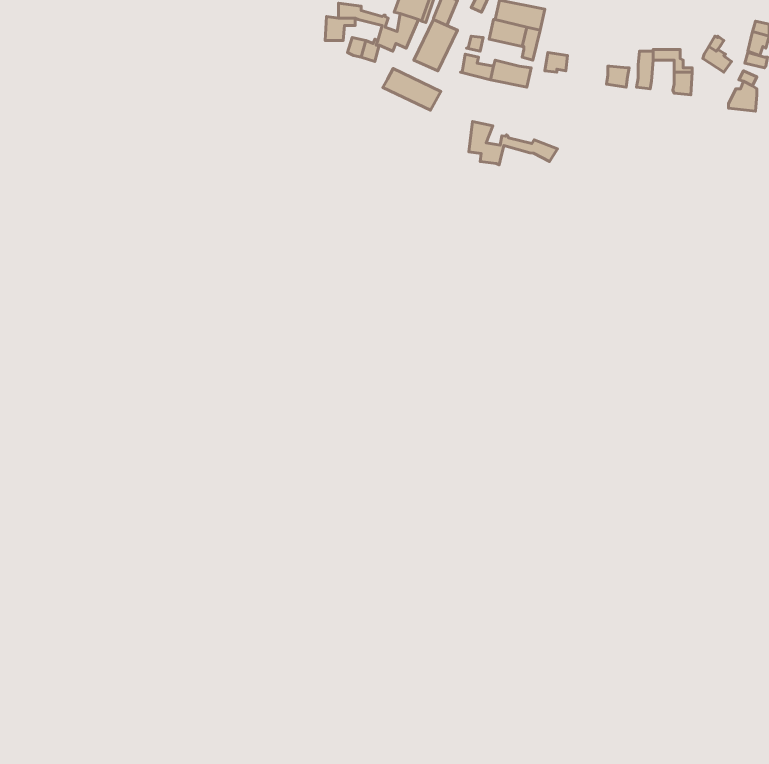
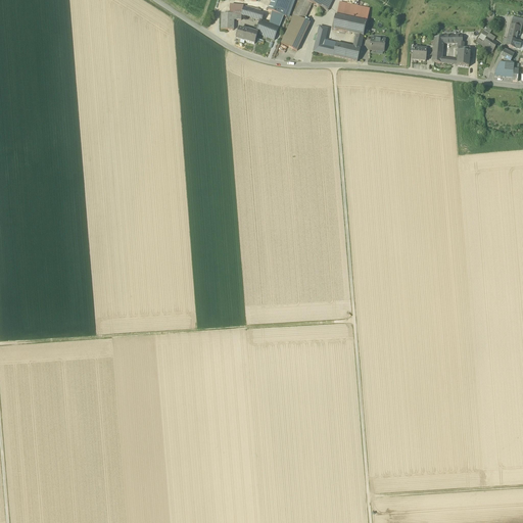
building: [383,68,441,110] -> none
building: [469,122,557,165] -> none

